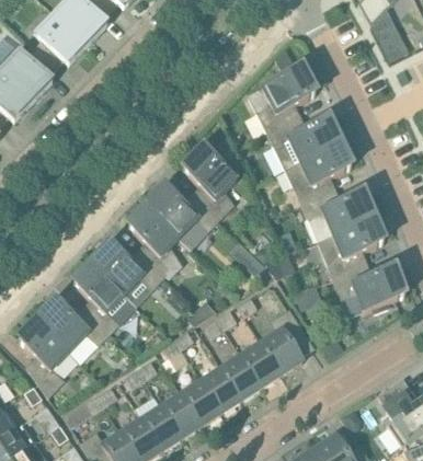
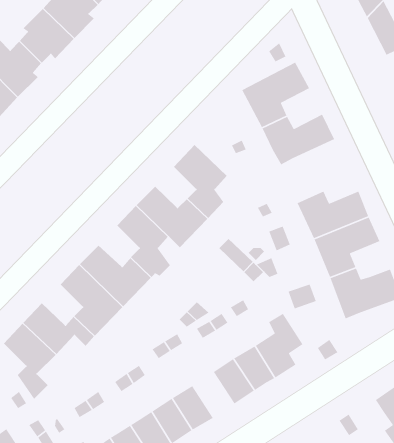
building: [287,141,351,203] -> none
building: [202,366,242,411] -> none

